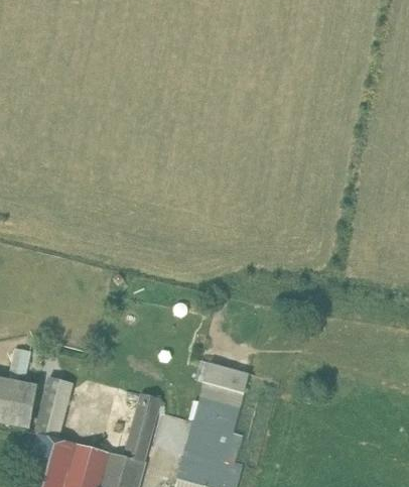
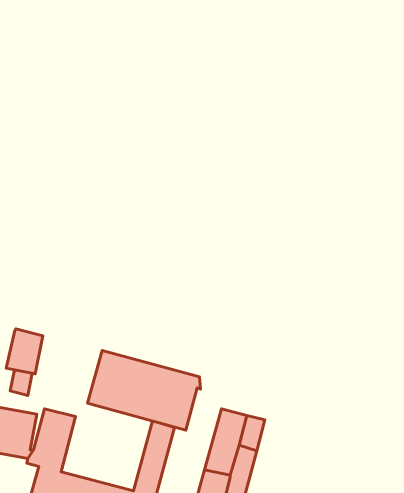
building: none -> [6,329,43,374]
building: none -> [88,351,200,430]
building: [203,362,248,392] -> none

